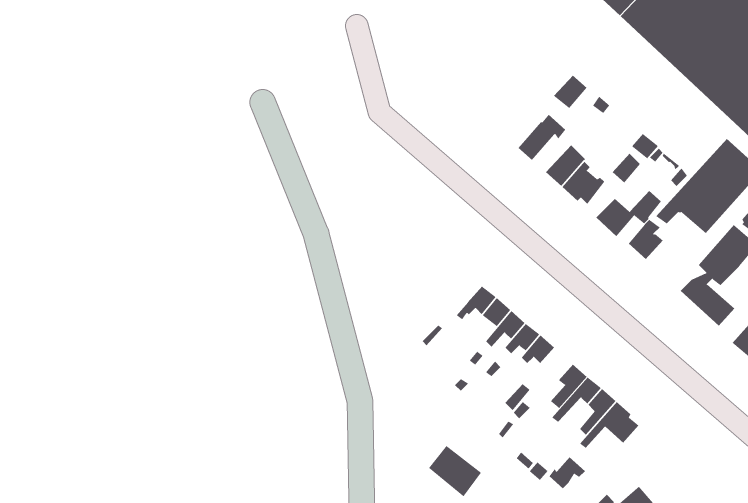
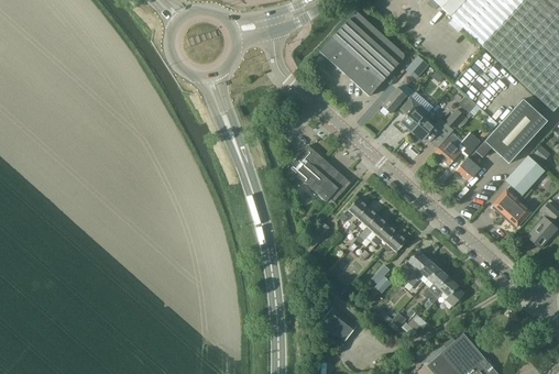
building: none -> [320,10,403,95]
building: none -> [287,144,351,201]

